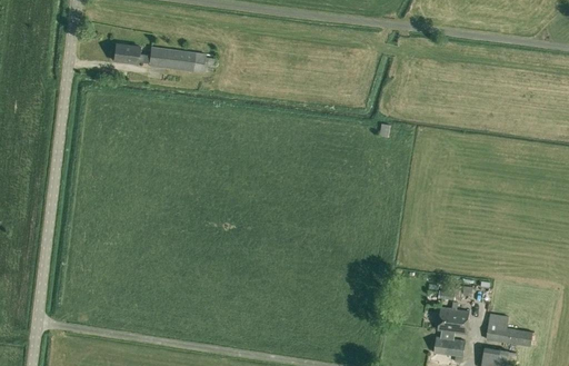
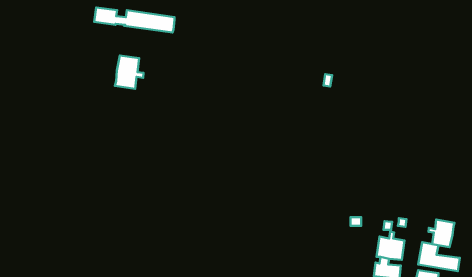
building: none -> [115,55,143,89]
building: none -> [429,219,455,247]

